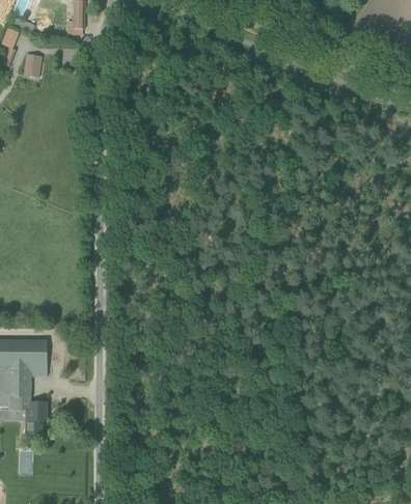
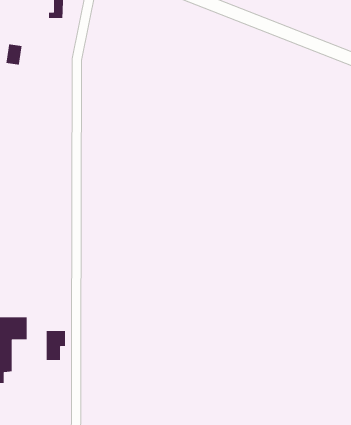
building: [25,401,46,433] -> [46,330,66,361]

